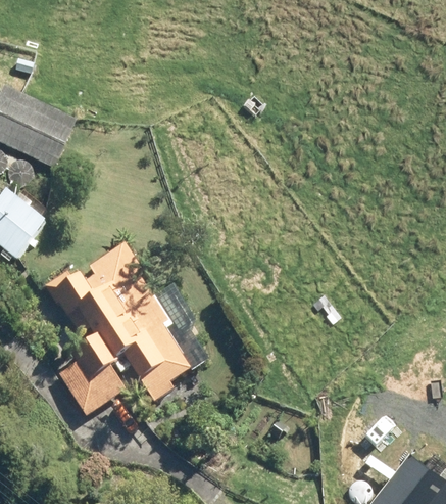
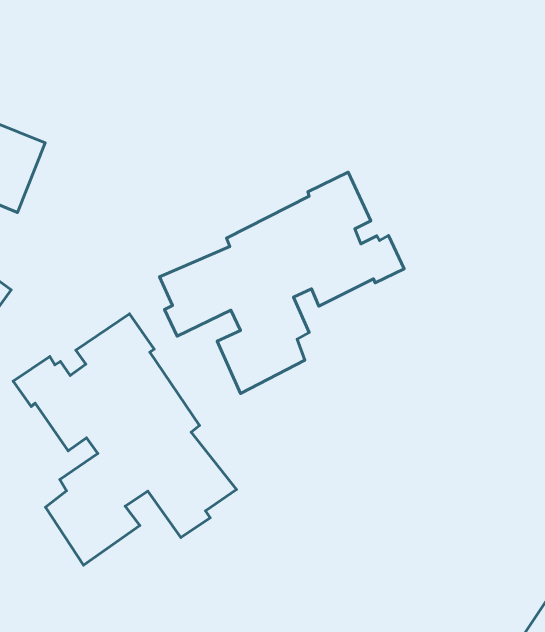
building: none -> [160,172,404,394]

